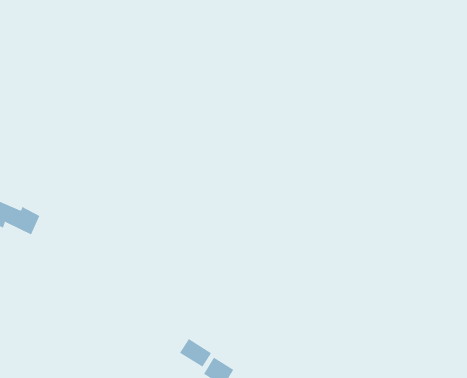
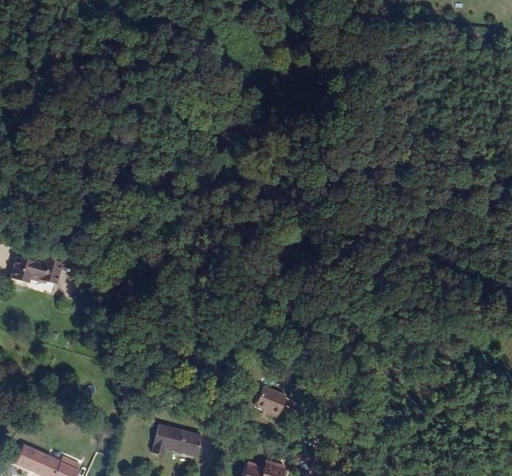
building: [179,338,212,367] -> none

